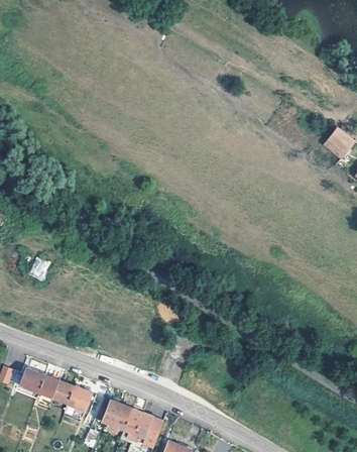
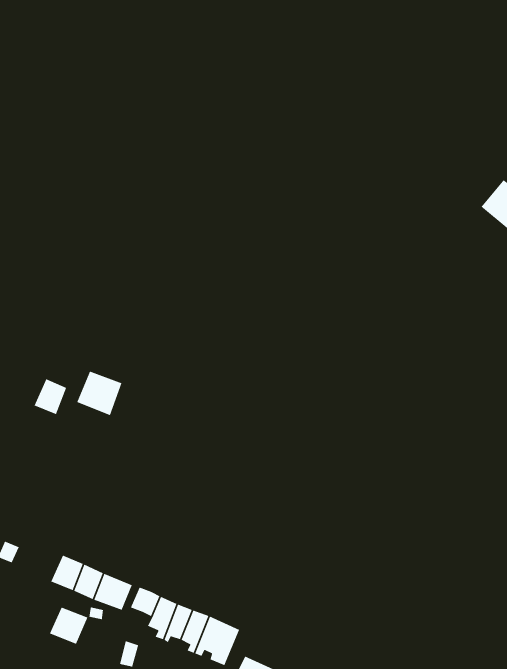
building: none -> [76,370,123,416]
building: [20,366,46,391] -> [49,606,89,645]

